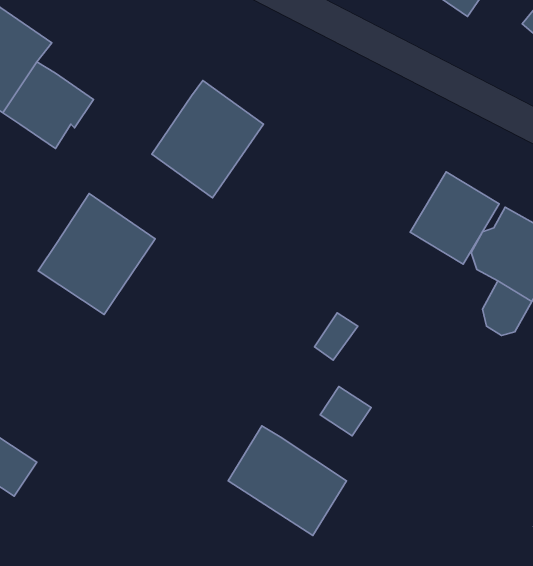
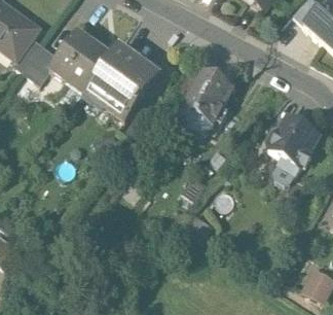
building: [410,172,499,264] -> [184,73,232,124]
building: [38,194,155,314] -> [50,31,114,97]
building: [228,426,347,535] -> none

